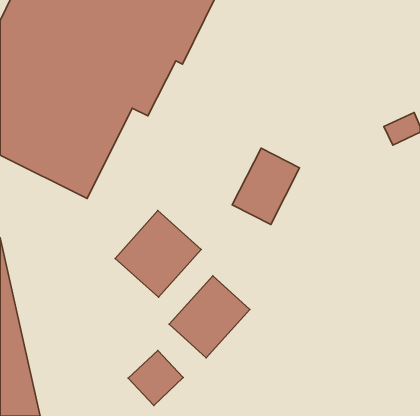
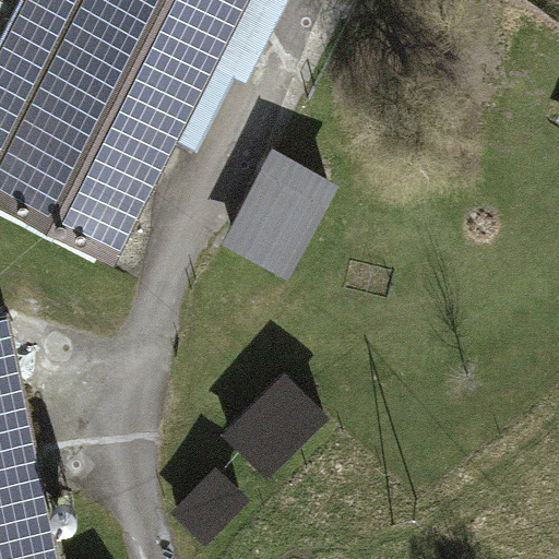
building: [232,148,300,225] -> [229,158,319,260]
building: [115,211,201,297] -> none

